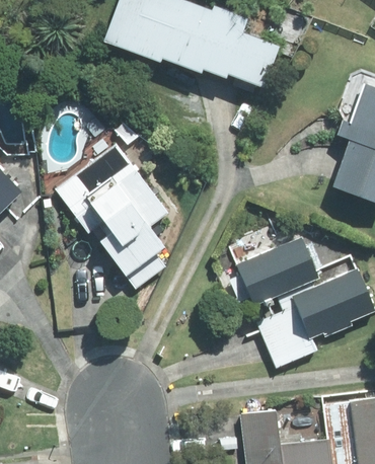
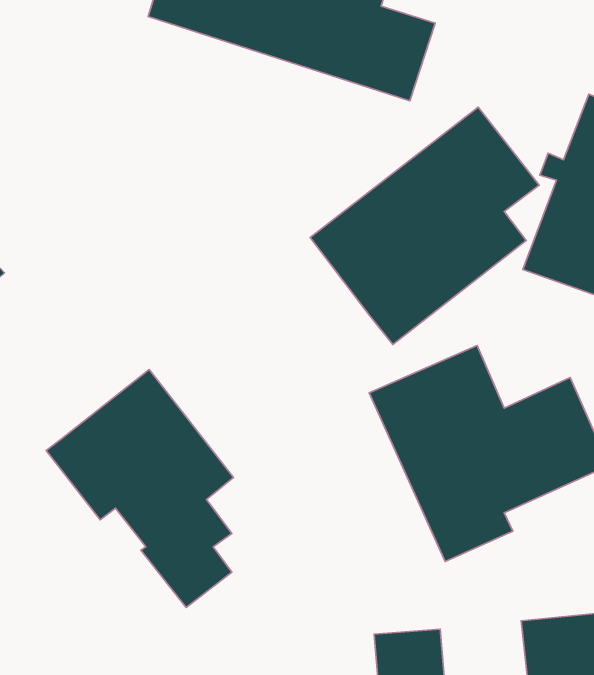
building: none -> [310,107,539,345]
building: [56,144,168,287] -> [46,370,234,608]

